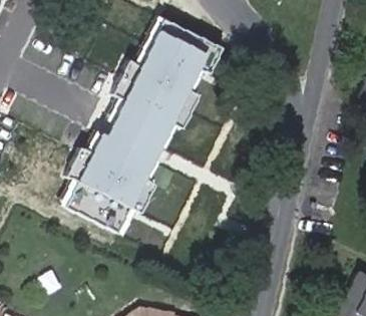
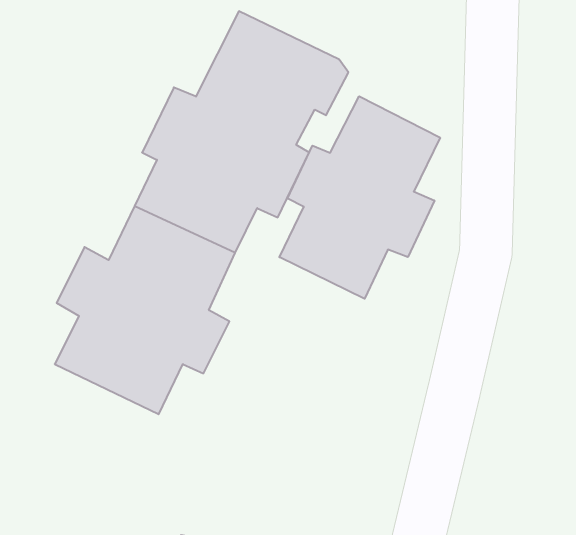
building: none -> [279,96,440,299]

